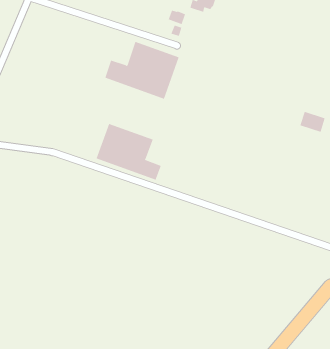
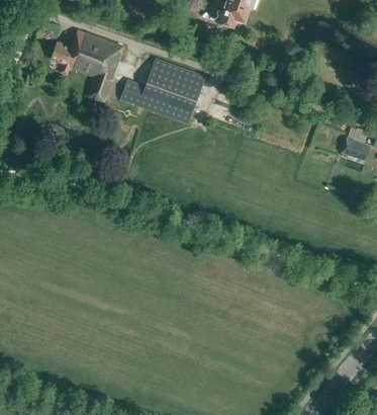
building: none -> [51,29,122,101]
building: [96,123,162,180] -> none

